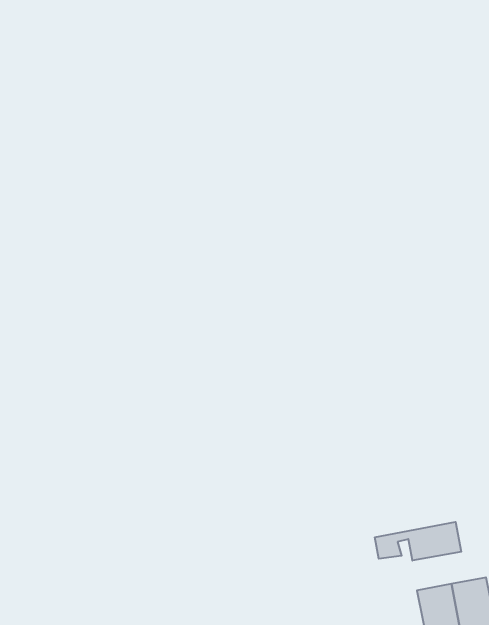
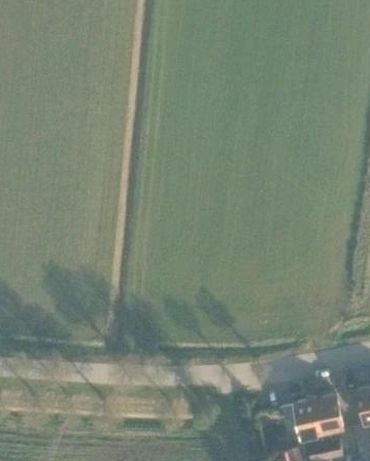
building: [375,522,461,561] -> none

